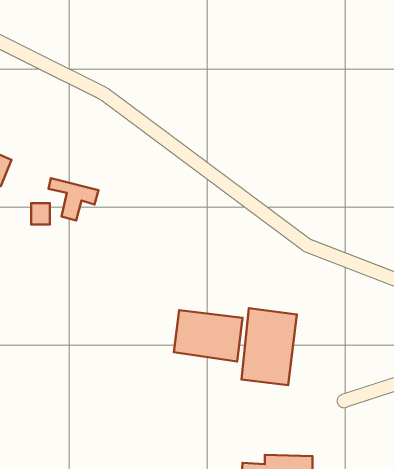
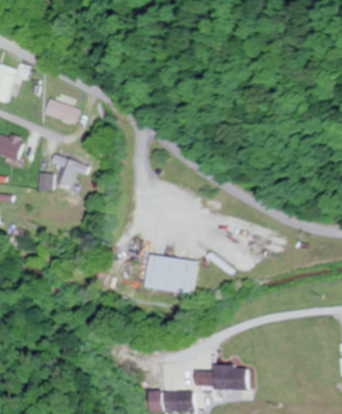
building: none -> [43,98,80,125]
building: [241,308,297,385] -> none

